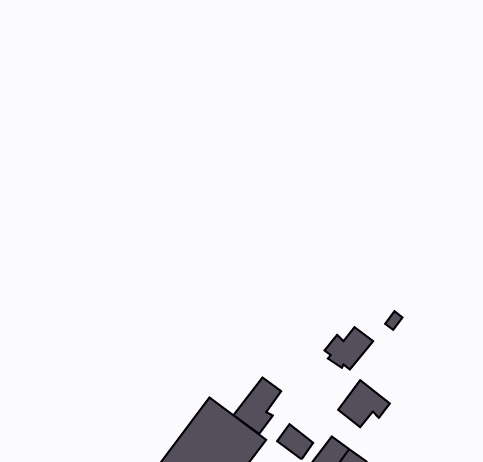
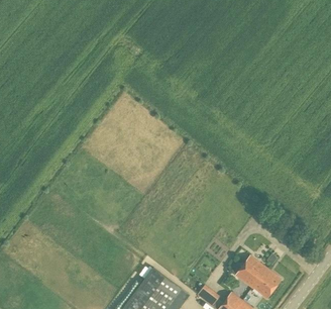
building: [325,327,373,369] -> [250,270,282,297]
building: [233,377,281,434] -> none

